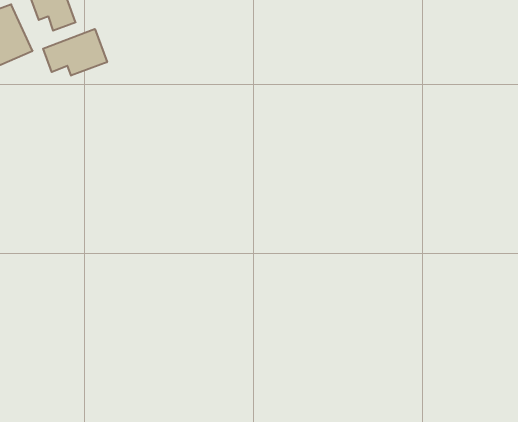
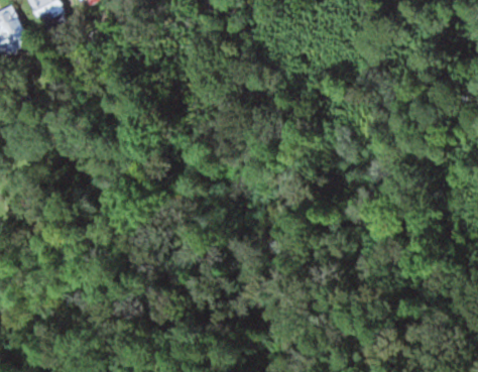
building: [43,29,107,76] -> none

